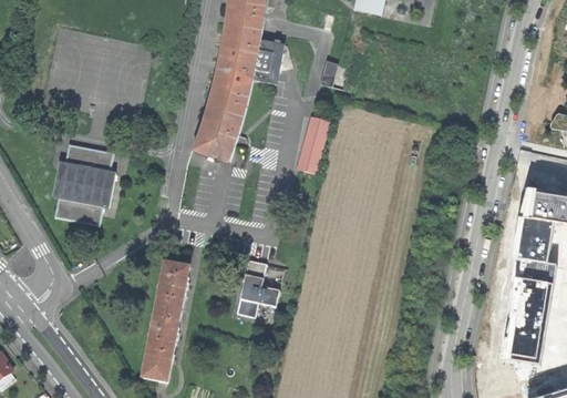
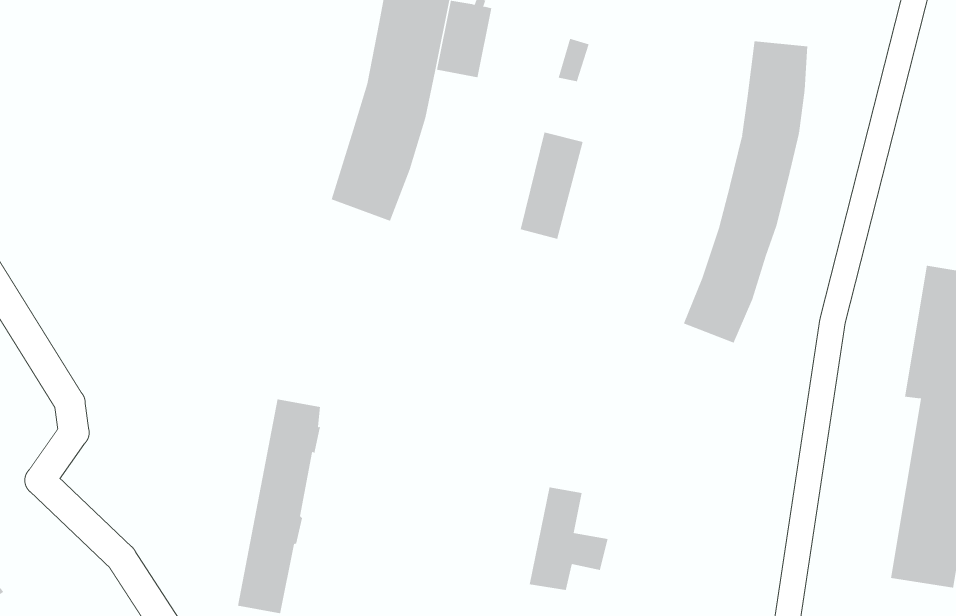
building: none -> [683,41,808,343]
building: [53,144,115,224] -> none
building: [237,261,281,318] -> [529,487,608,590]

